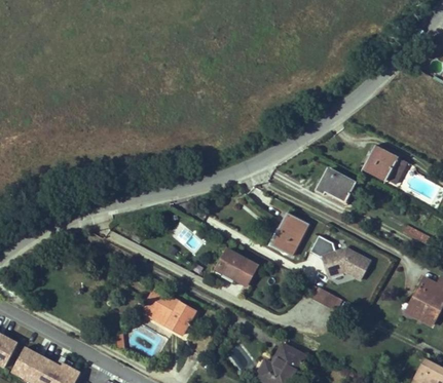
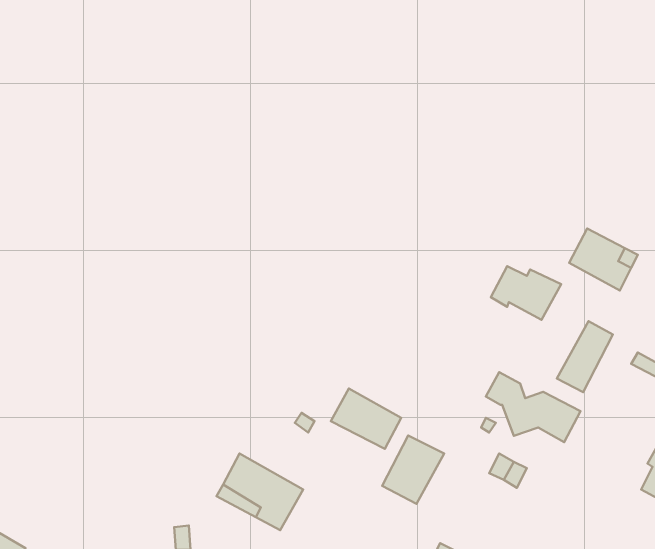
building: none -> [557,321,613,392]
building: [269,213,308,256] -> [382,435,444,504]

